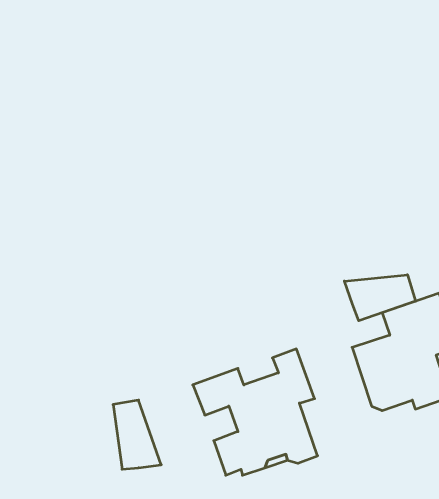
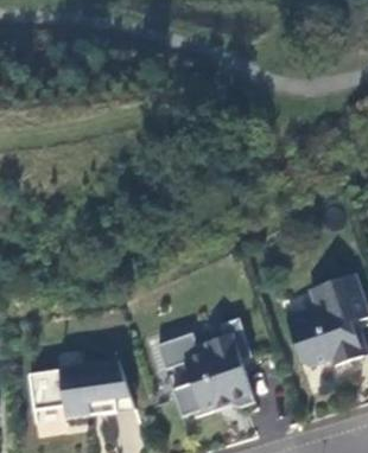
building: [344,275,416,321] -> none
building: none -> [27,361,102,417]

